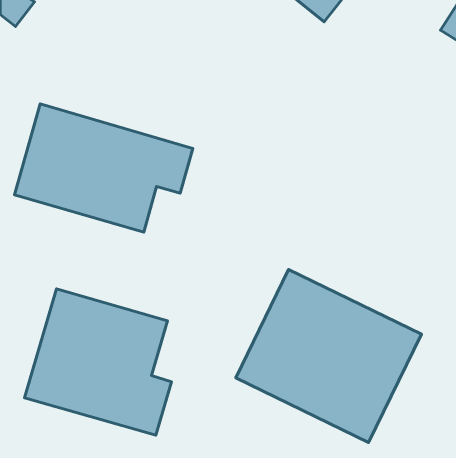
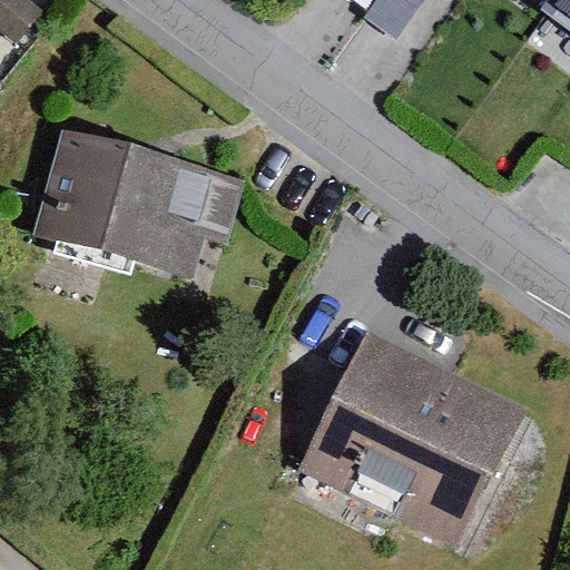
building: [24,289,172,435] -> none

